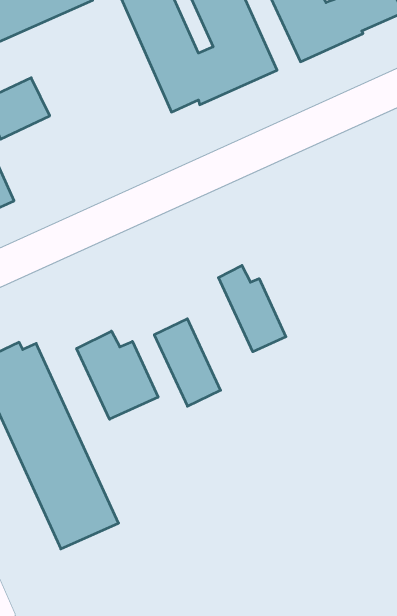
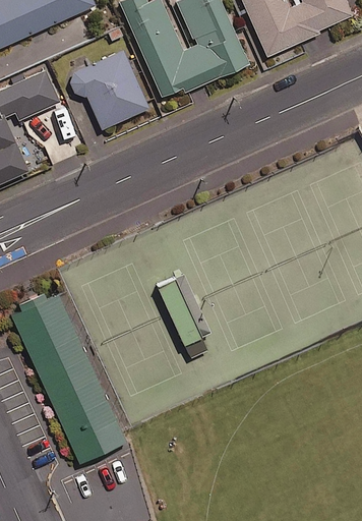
building: none -> [71,49,152,130]
building: [218,265,286,352] -> none
building: [77,331,158,419] -> none

